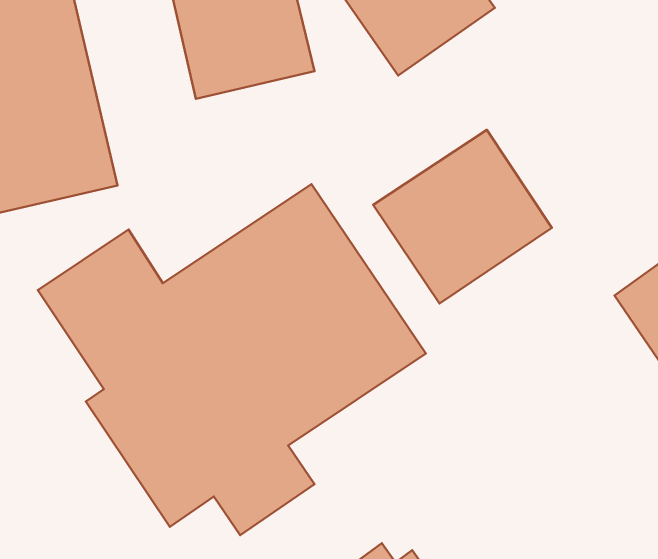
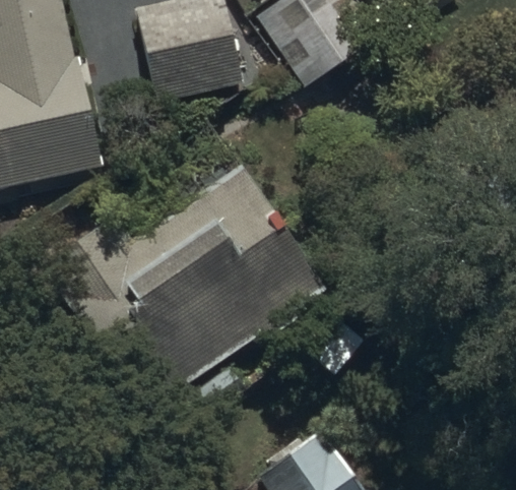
building: [373,130,552,303] -> none

